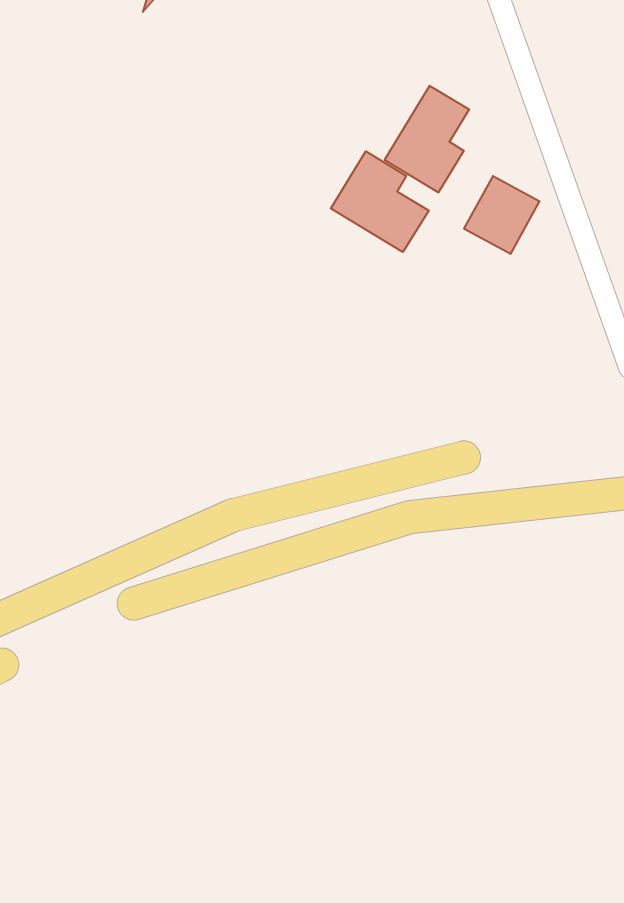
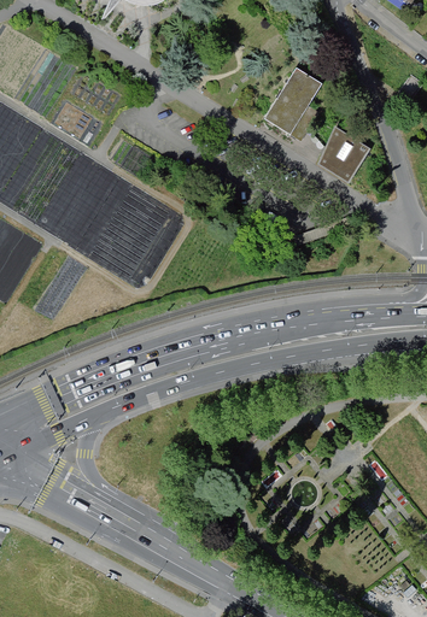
building: [331,151,429,252] -> none

